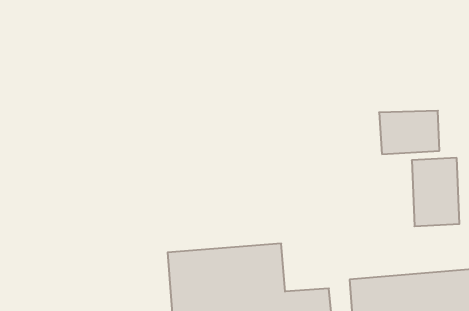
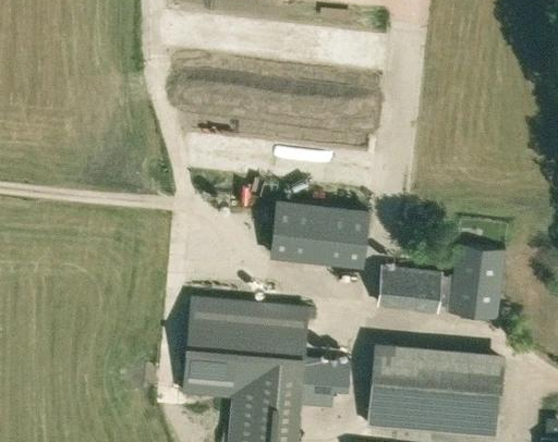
building: [379,111,439,154] -> [378,263,444,314]
building: none -> [270,198,372,267]

